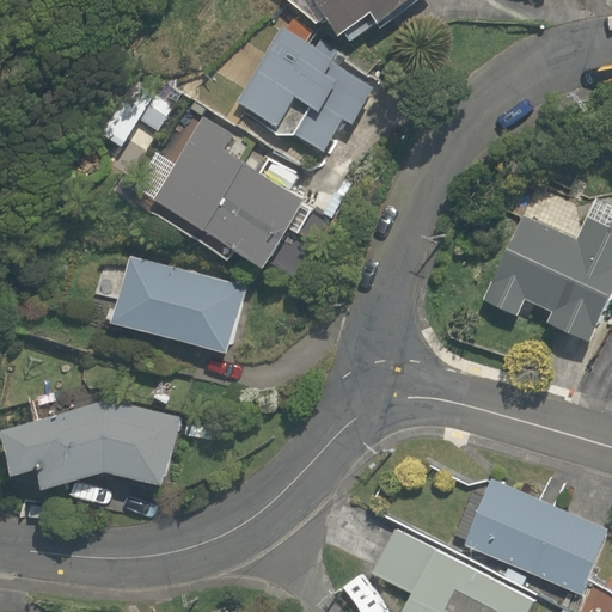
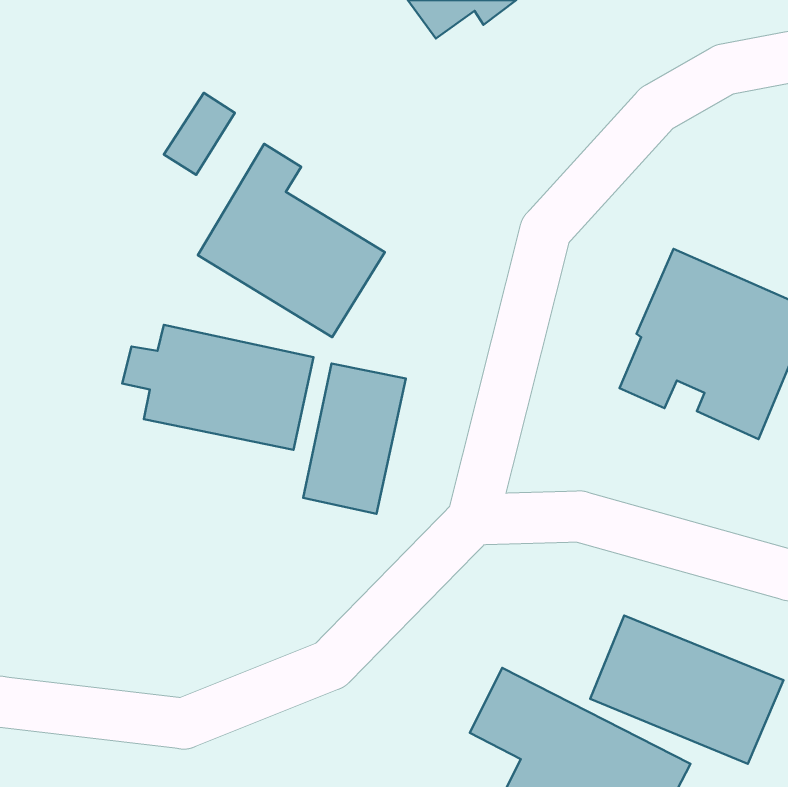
building: [240,29,378,153] -> none
building: none -> [303,364,406,514]
building: [23,404,200,507] -> none

